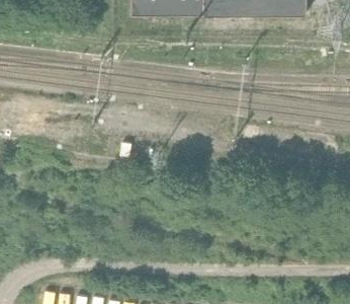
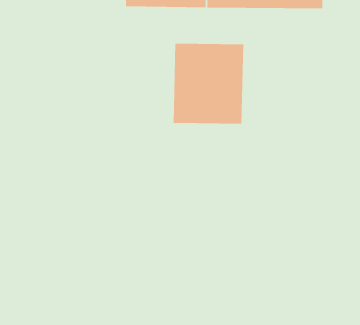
building: none -> [173,43,244,124]

